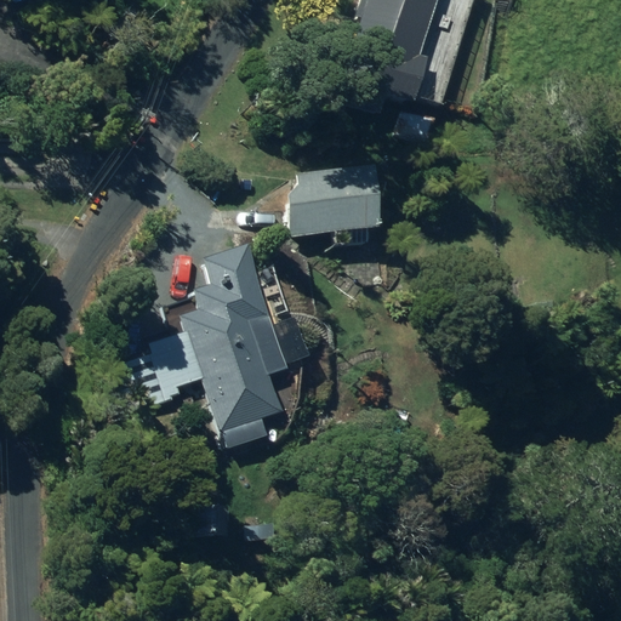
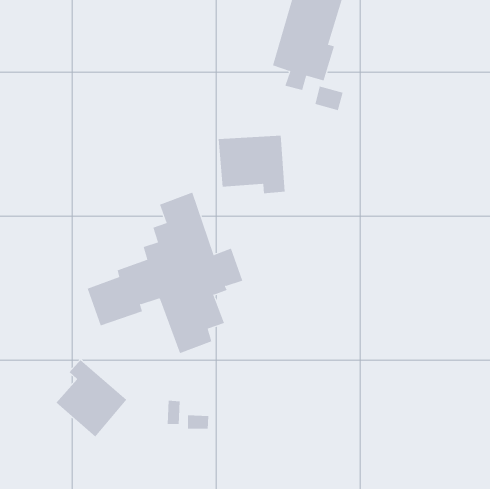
building: none -> [56,359,127,438]

